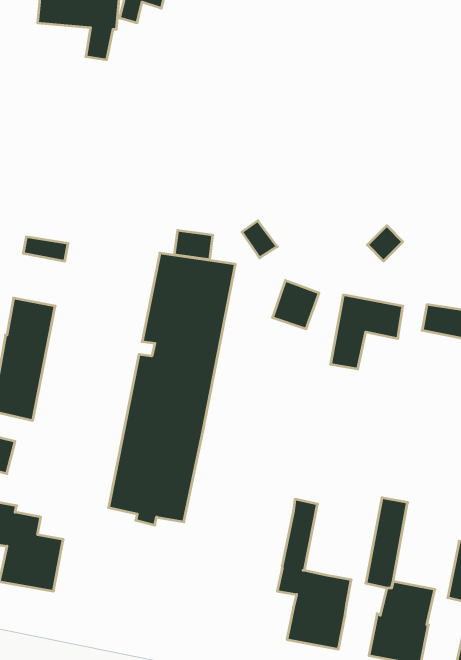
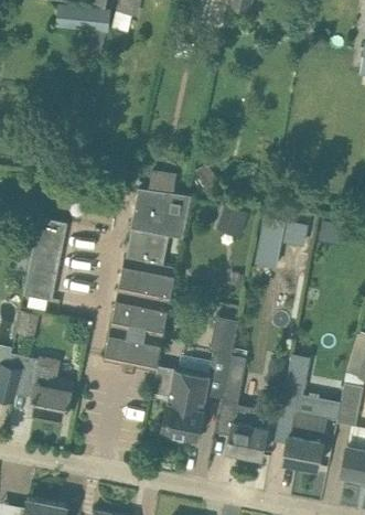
building: none -> [210,316,238,363]
building: none -> [152,366,210,439]

